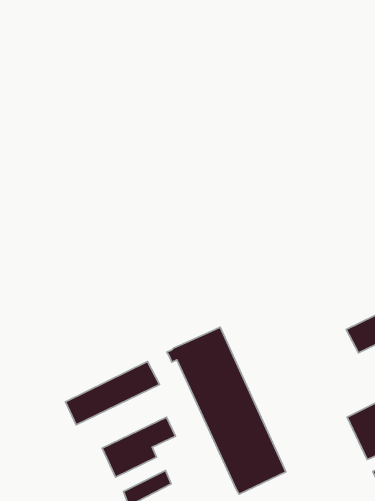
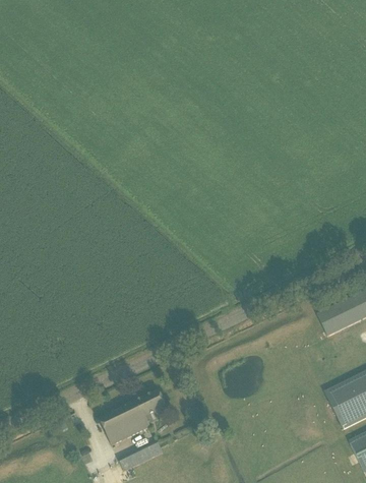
building: [167,327,286,494] -> none
building: [66,361,160,425] -> none

